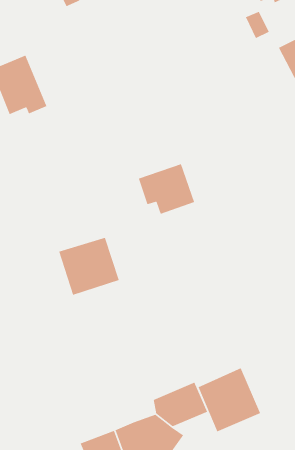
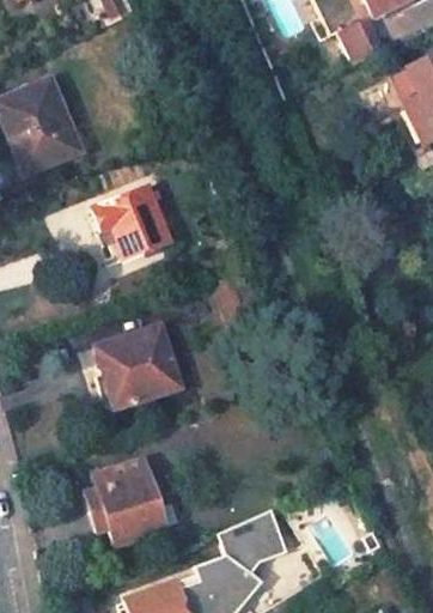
building: [138,163,195,215] -> [92,189,169,259]
building: none -> [90,472,165,544]
building: [198,367,261,432] -> none

